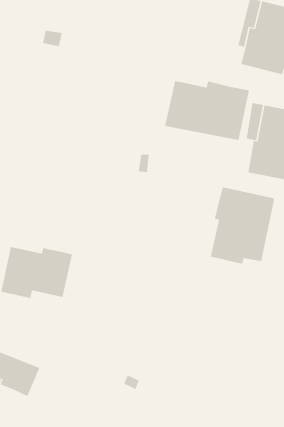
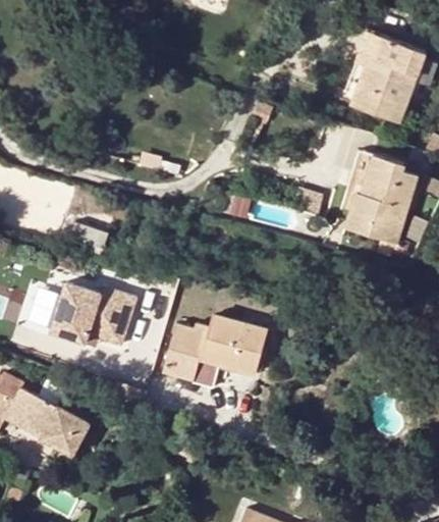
building: [165,80,249,141] -> none
building: [210,186,275,265] -> none
building: none -> [163,317,267,380]

